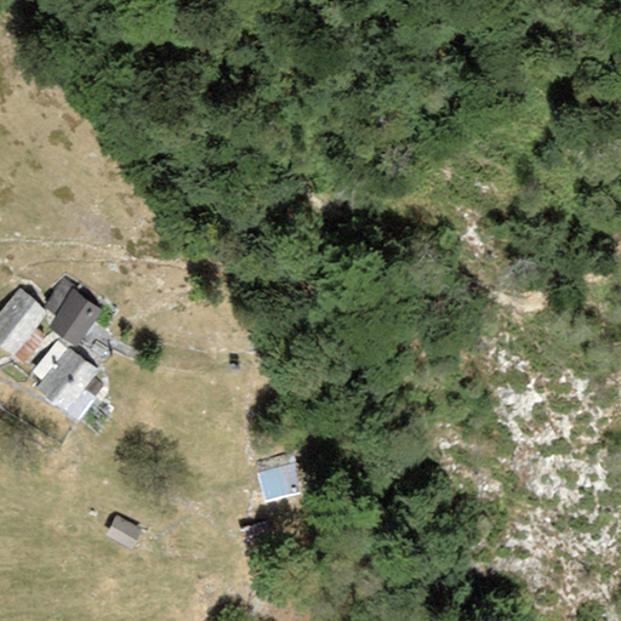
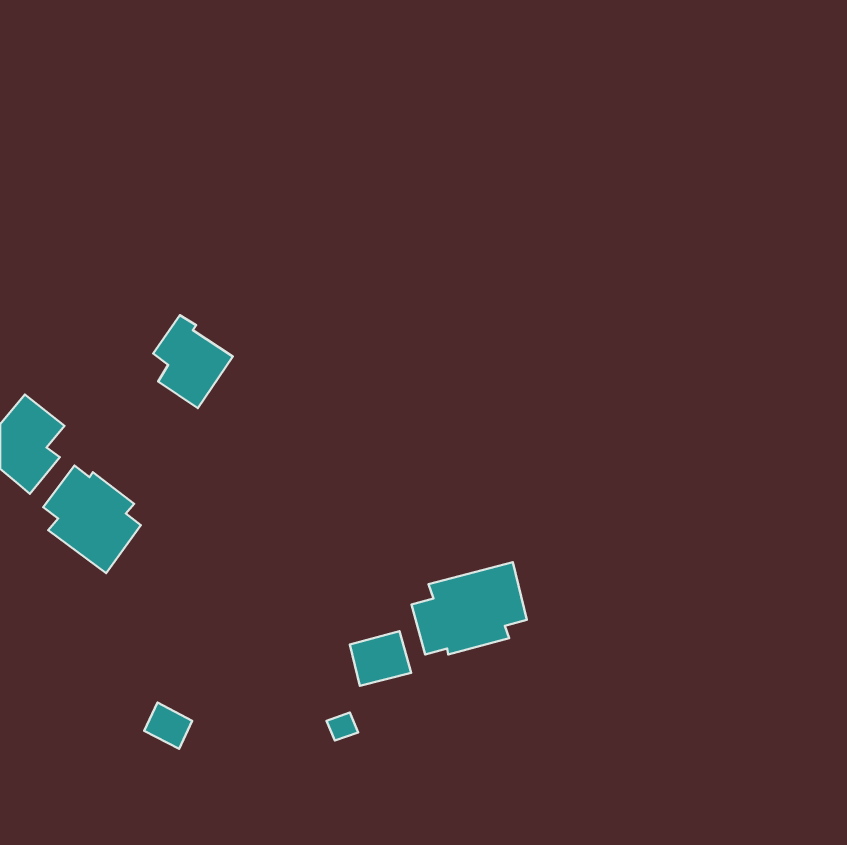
building: [44,278,102,346] -> [153,315,233,408]
building: none -> [412,562,527,655]

